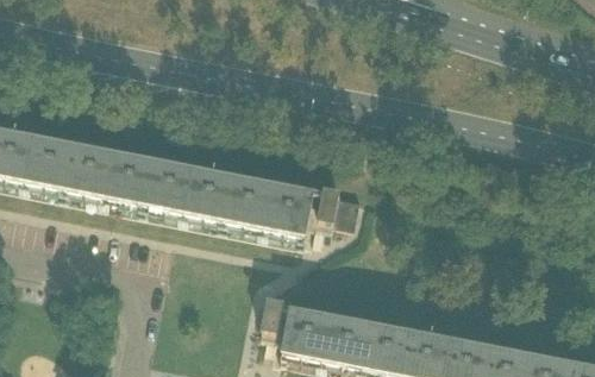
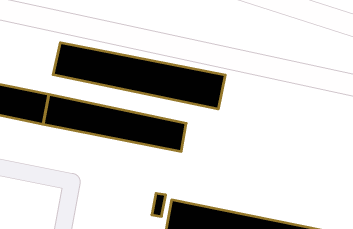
building: none -> [53,43,225,109]
building: [318,186,358,226] -> none

